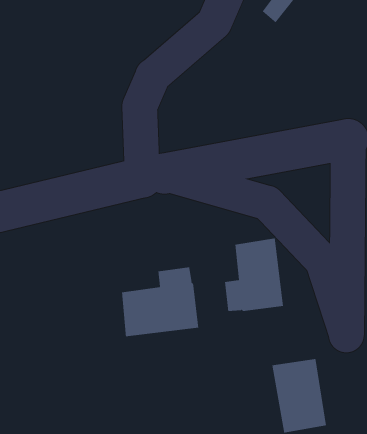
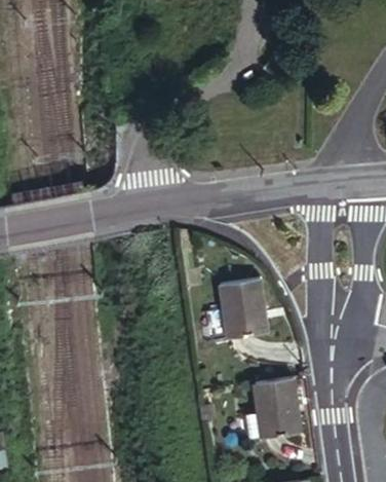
building: [122,267,199,337] -> none

